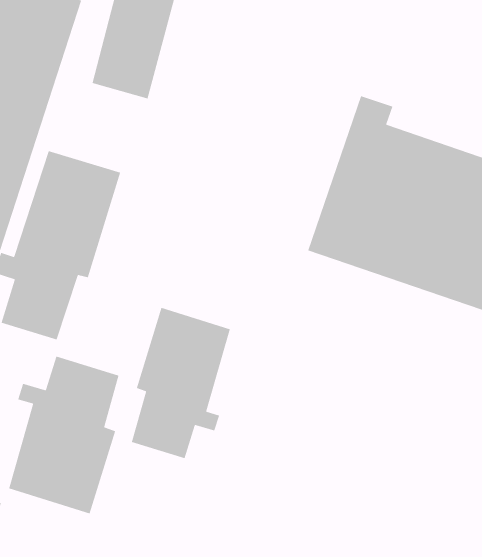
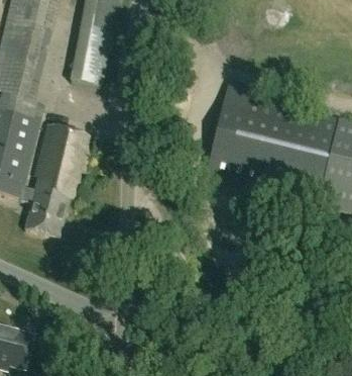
building: [131,307,231,459] -> none
building: [8,356,120,515] -> none

